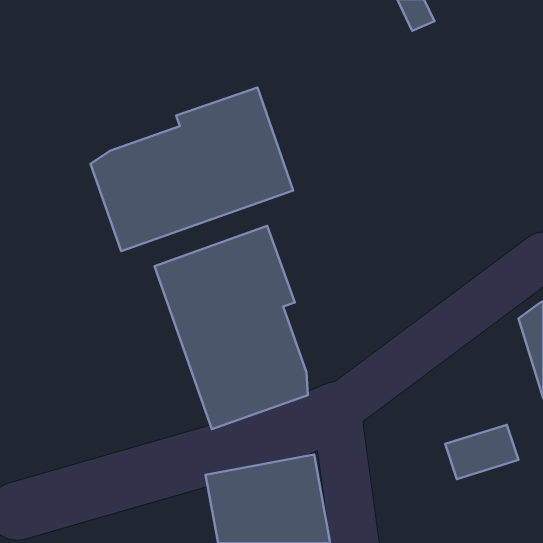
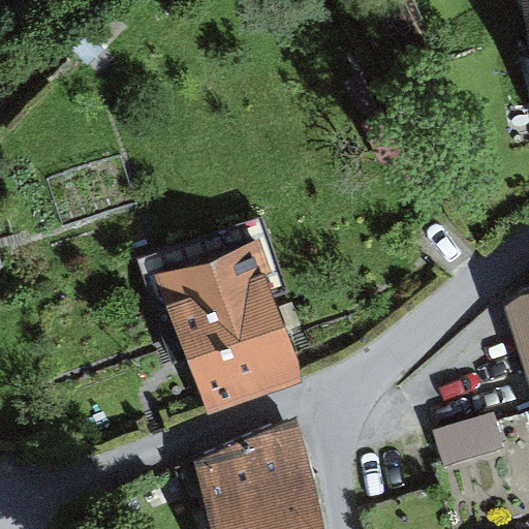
building: [91,87,293,251] -> none

